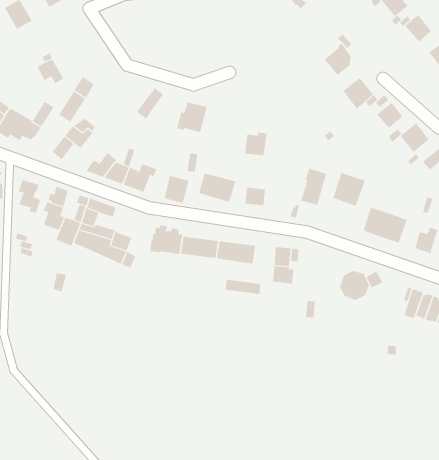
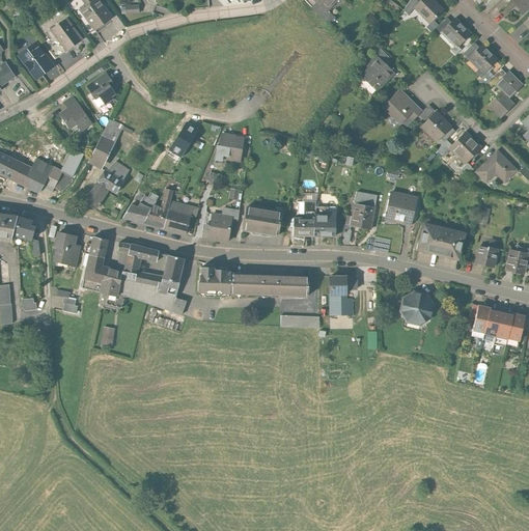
building: none -> [86,73,115,104]
building: [244,132,267,156] -> [313,211,335,234]
building: none -> [163,255,184,282]

